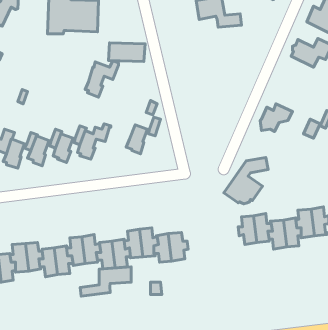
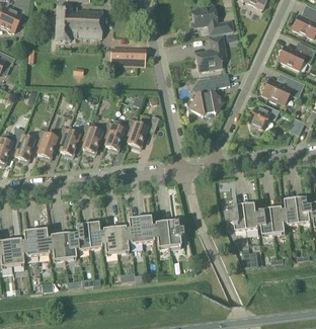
building: none -> [195,36,225,71]
building: [85,61,118,97] -> [105,118,136,152]
building: none -> [262,77,304,103]
building: [224,157,268,204] -> [189,74,230,116]
building: [80,267,131,296] -> none

